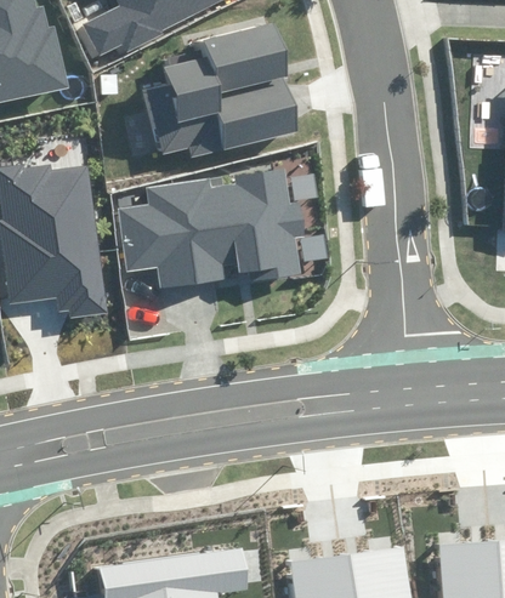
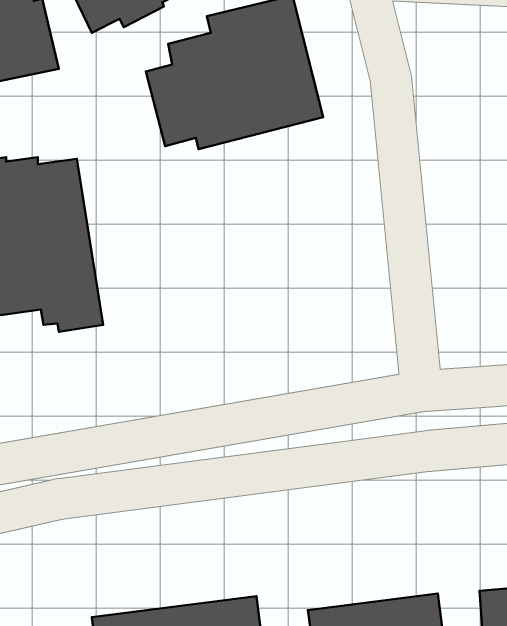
building: [119,169,303,289] -> none

